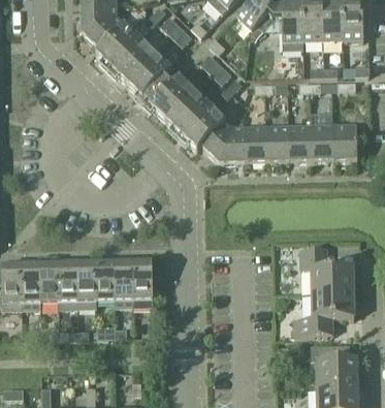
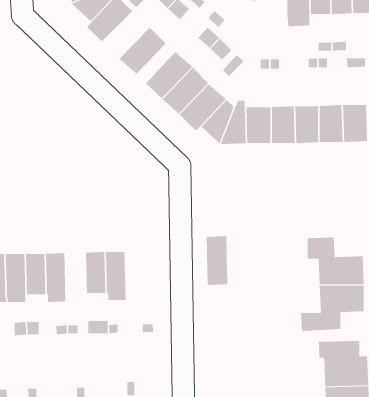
building: [109,37,154,82] -> none
building: [131,259,152,306] -> [206,236,228,286]
building: [75,261,96,307] -> none

